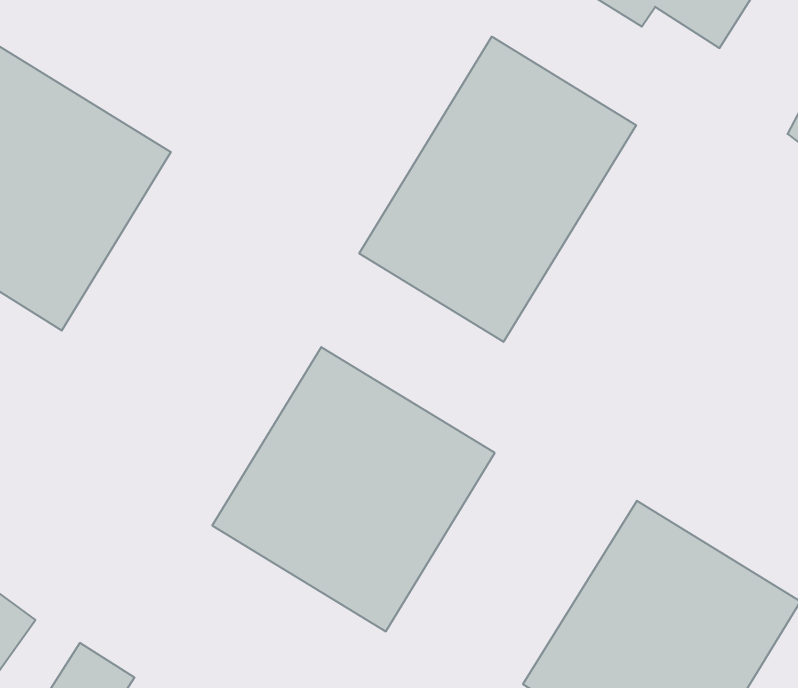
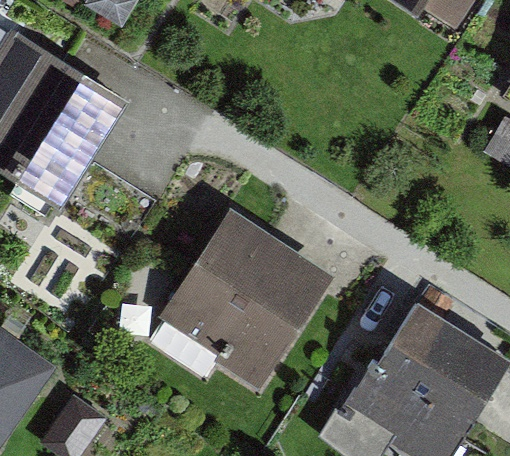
building: [359,37,636,342] -> none

